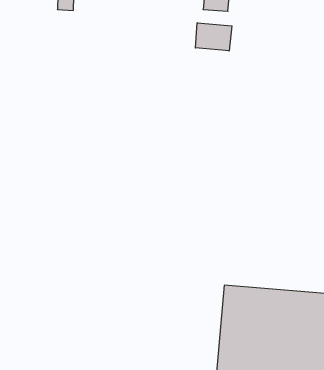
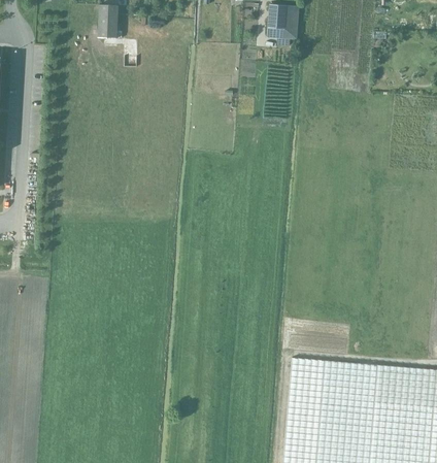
building: [195,23,232,51] -> none

